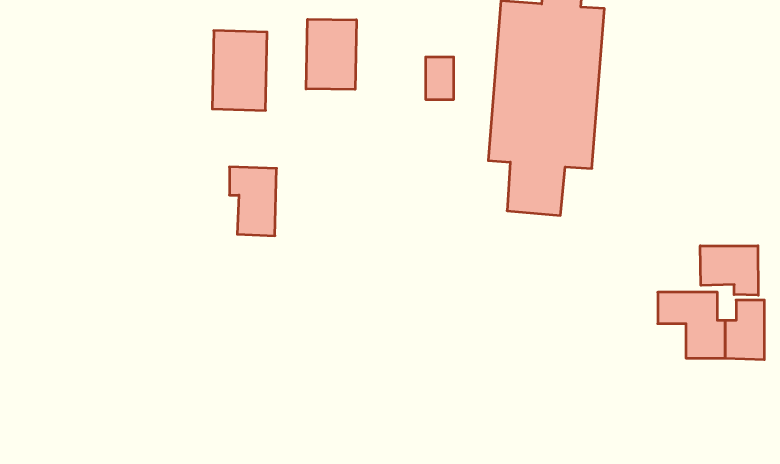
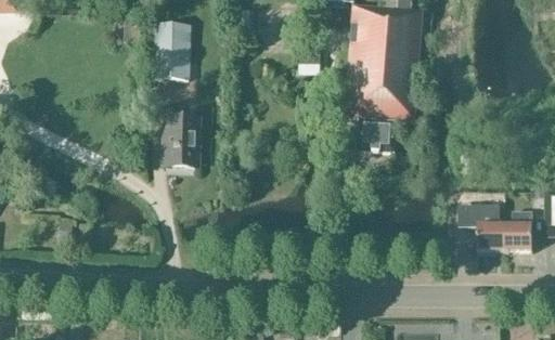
building: [306,19,356,89] -> none
building: [700,246,758,295] -> none

